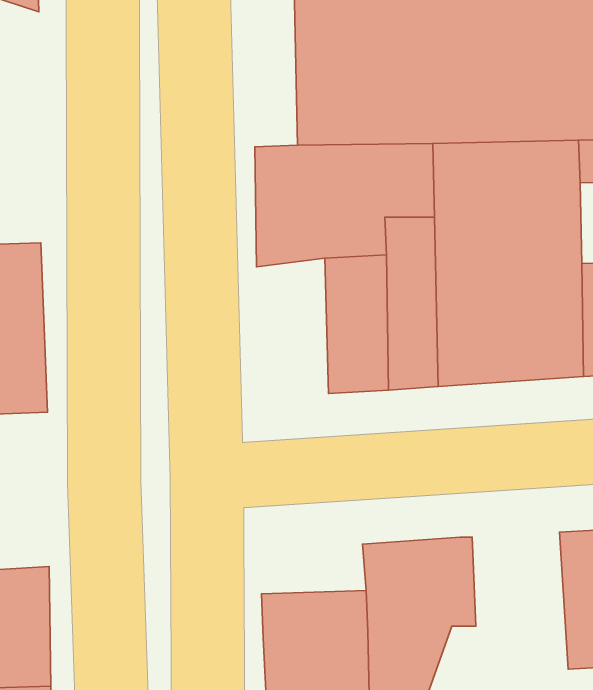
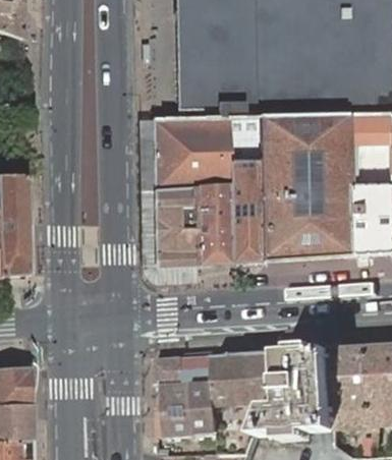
building: none -> [155,183,198,267]
building: none -> [260,346,340,434]
building: none -> [158,353,220,383]

